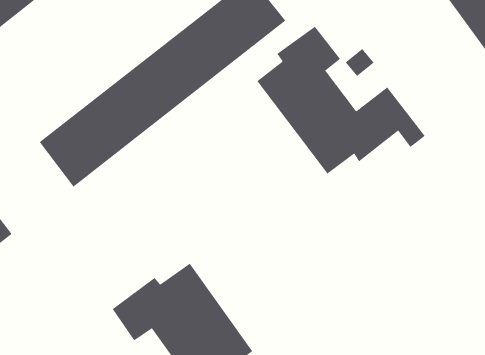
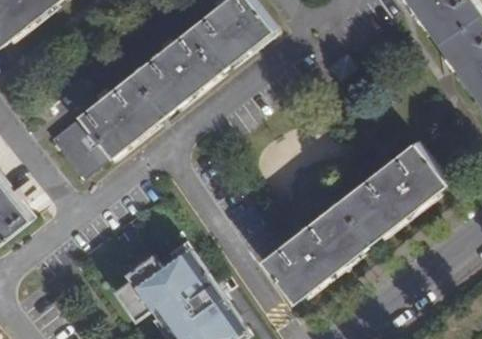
building: [256,26,425,175] -> none
building: none -> [261,142,449,302]

